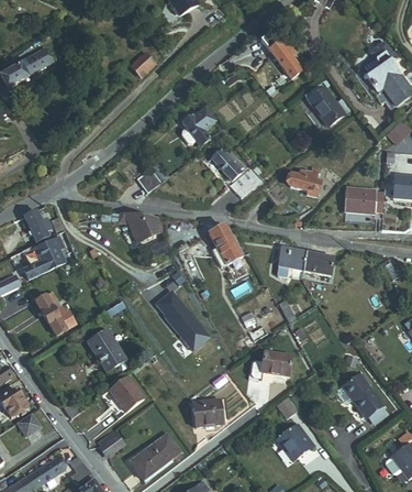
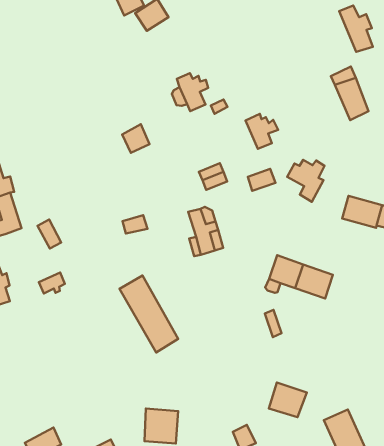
building: [271,39,304,77] -> [339,6,373,52]
building: [207,146,235,176] -> [245,114,278,149]
building: [114,206,159,237] -> none
building: [91,325,134,373] -> none
building: [267,349,297,375] -> [269,382,307,417]
building: [113,374,149,411] -> none

